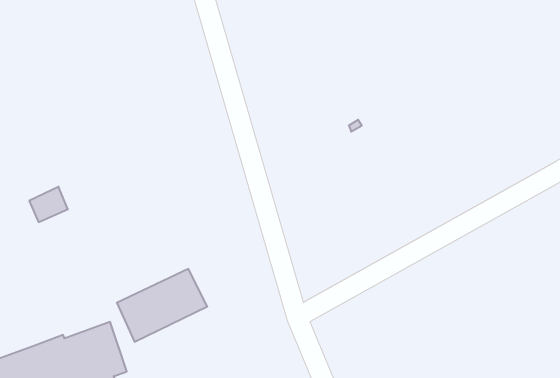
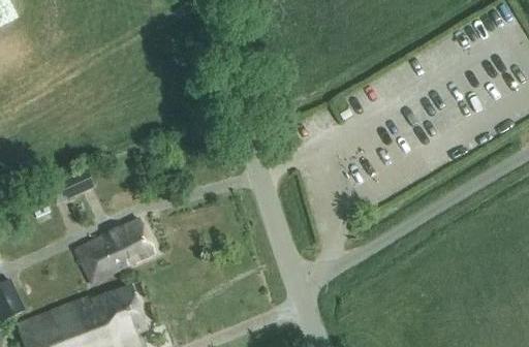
building: [117,269,207,342] -> [74,219,154,283]

